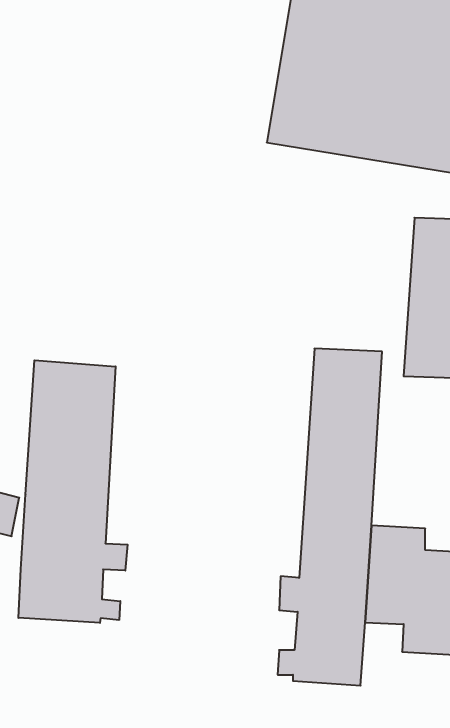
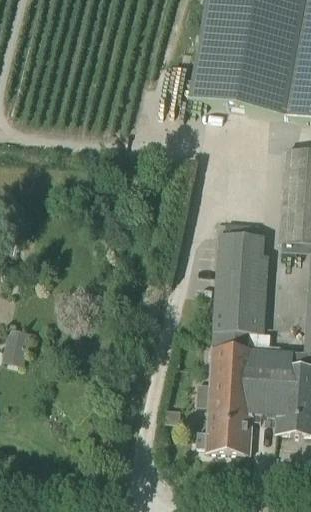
building: [18,360,128,623] -> none

